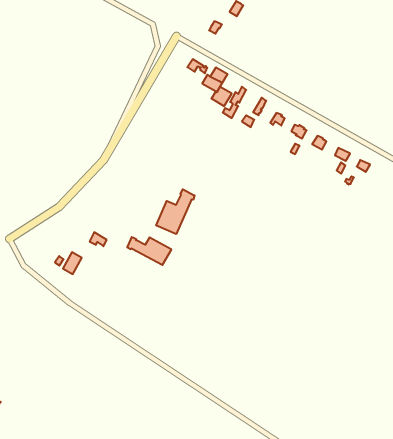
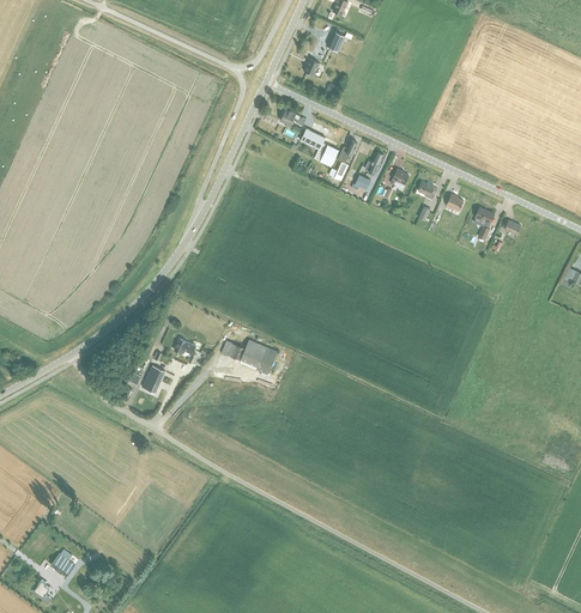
building: [156,189,195,234] -> none

